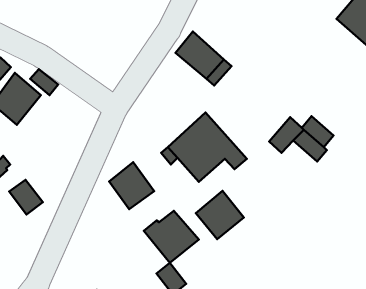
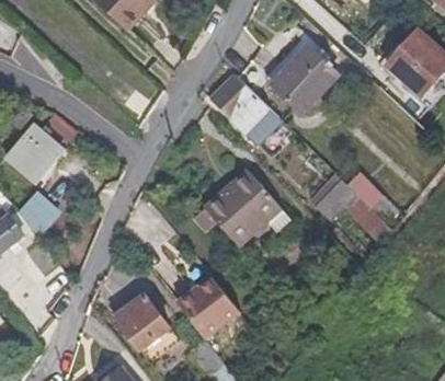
building: none -> [274,46,339,112]
building: none -> [15,195,60,240]
building: [109,162,154,209] -> [113,293,164,347]
building: [196,191,244,239] -> none

